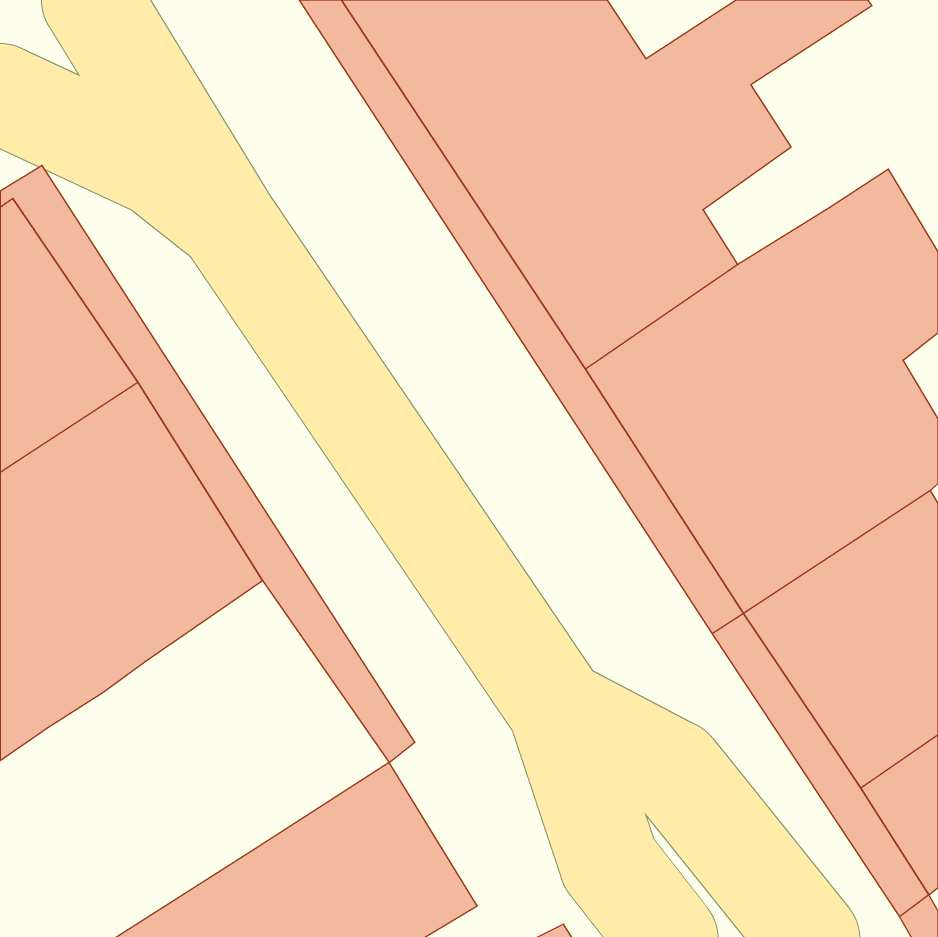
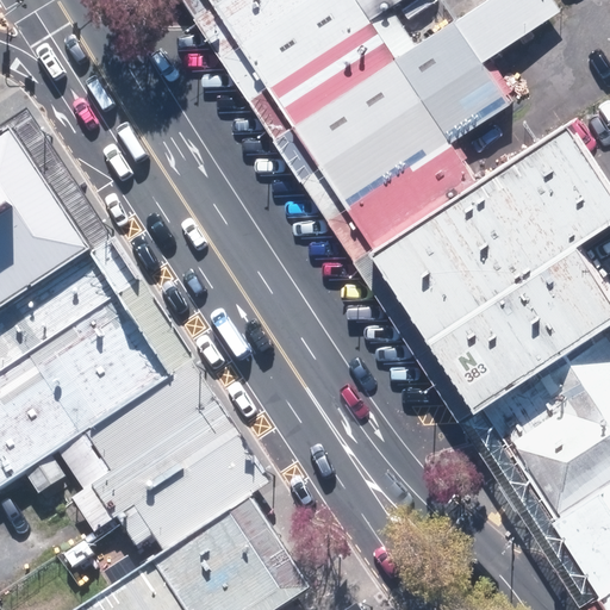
building: none -> [67,378,253,552]

